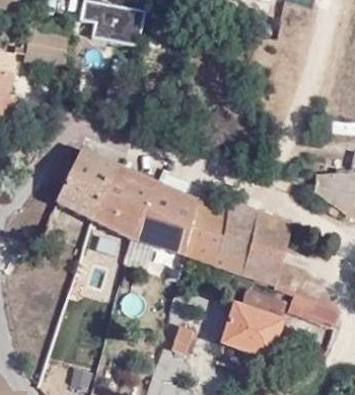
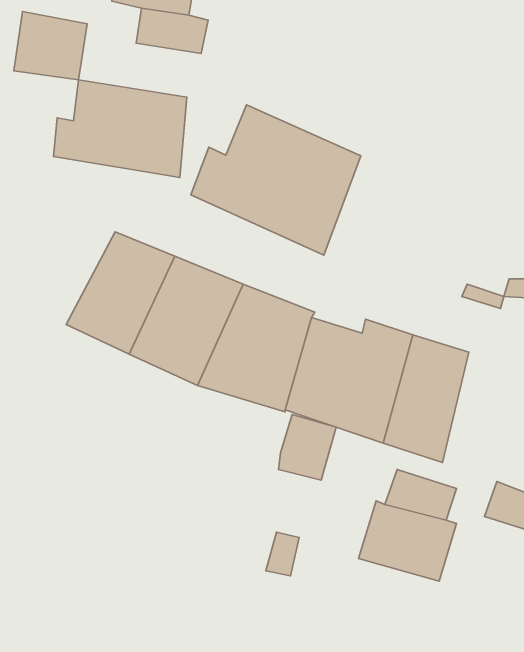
building: none -> [54,80,187,178]
building: none -> [191,105,361,255]
building: none -> [279,414,336,480]

